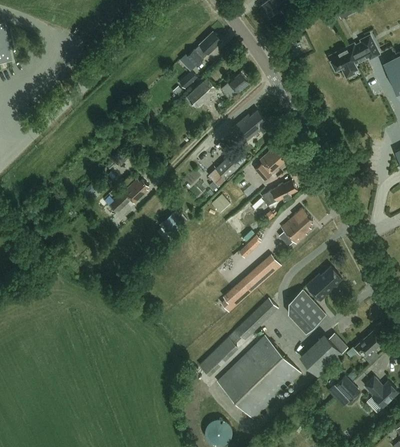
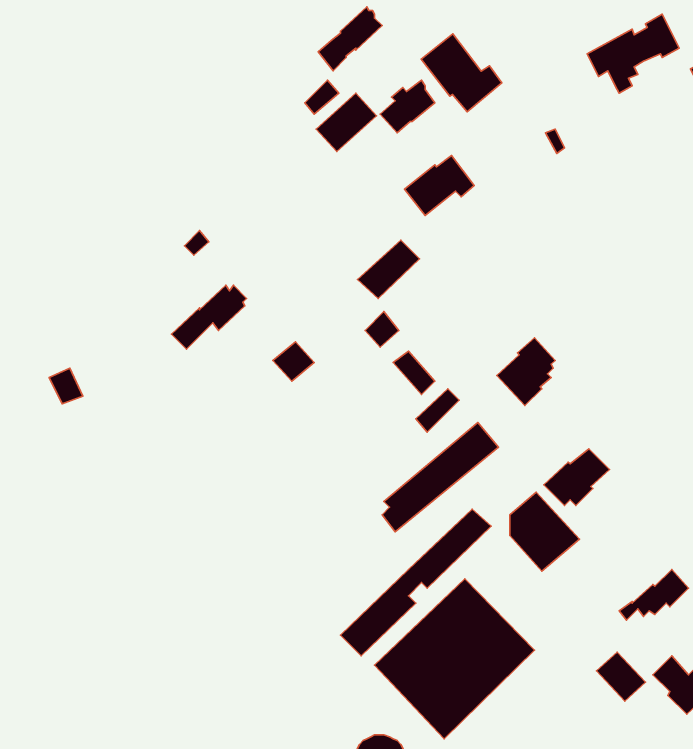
building: none -> [421,34,502,112]
building: [255,146,288,180] -> none
building: [261,180,296,206] -> none
building: [299,334,348,378] -> none

